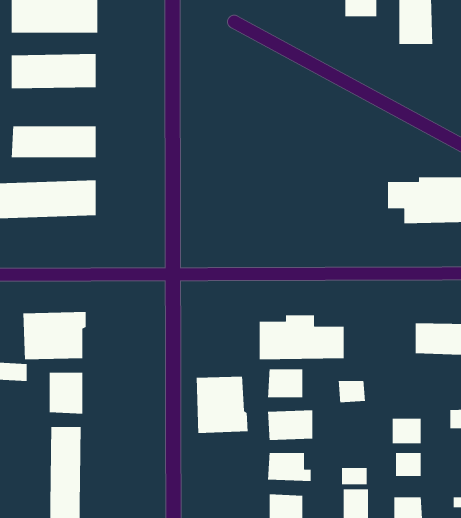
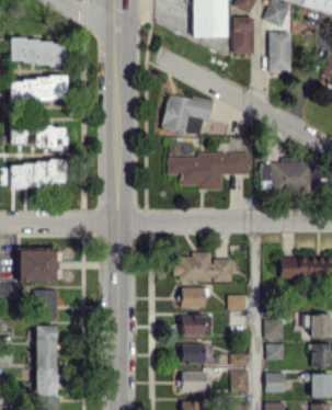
building: none -> [161,92,214,136]
building: none -> [168,152,249,190]
building: [196,376,249,434] -> none

